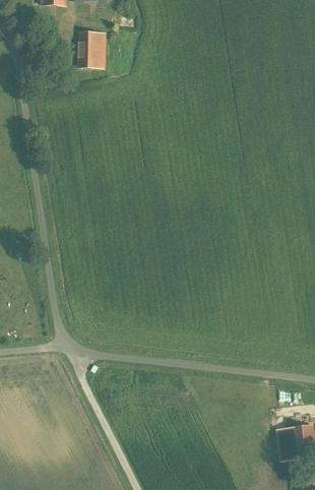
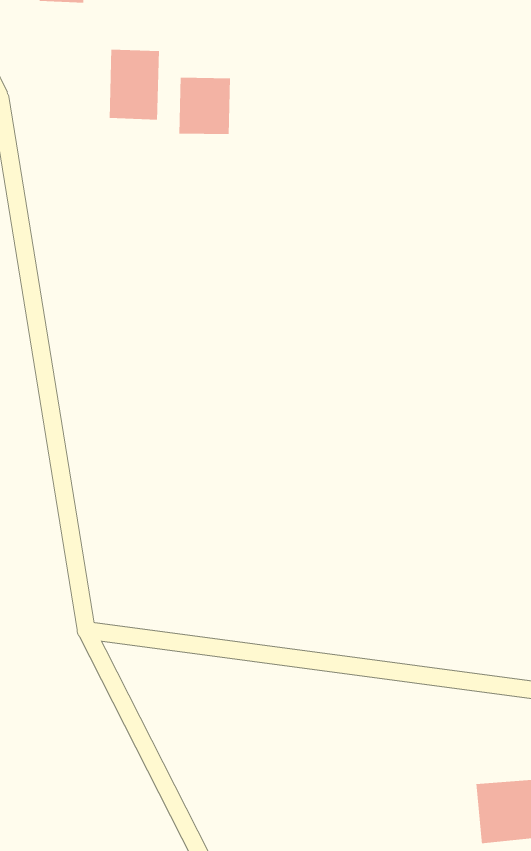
building: none -> [178,77,231,135]

